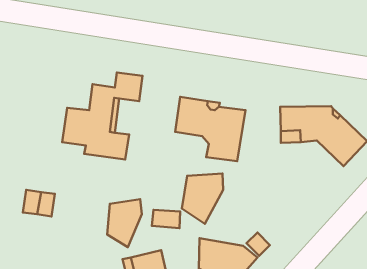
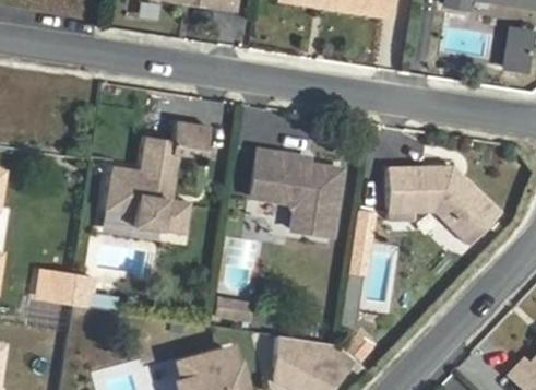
building: [182,174,223,224] -> none
building: [107,199,142,247] -> none

